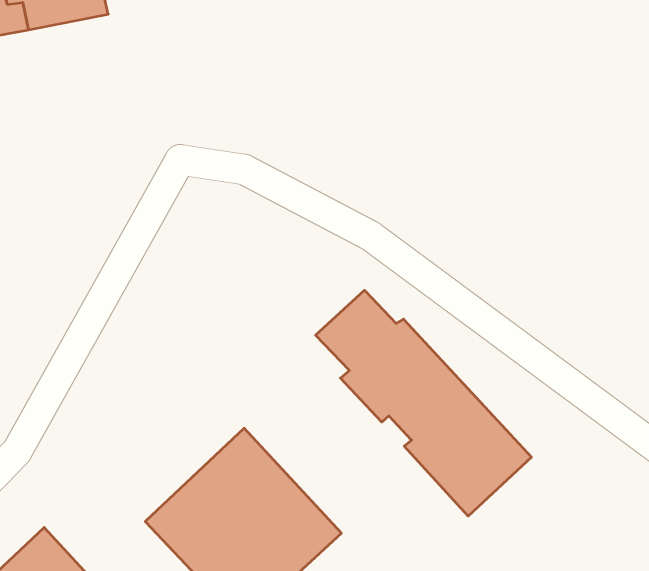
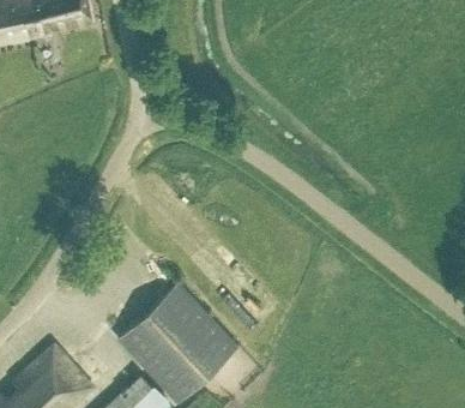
building: [316,290,531,516] -> none

